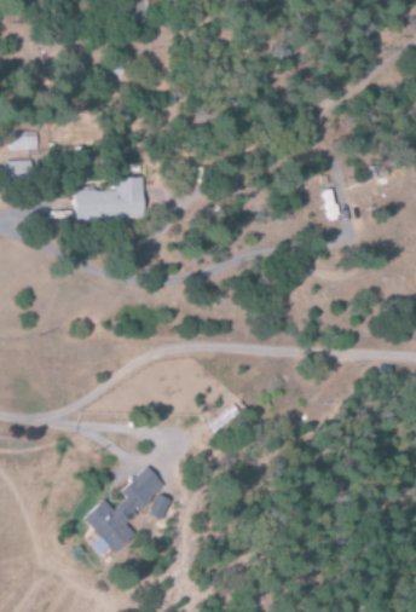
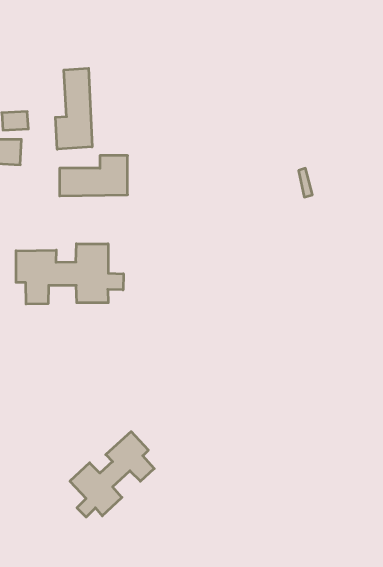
building: none -> [55,68,92,149]
building: none -> [16,244,123,304]

